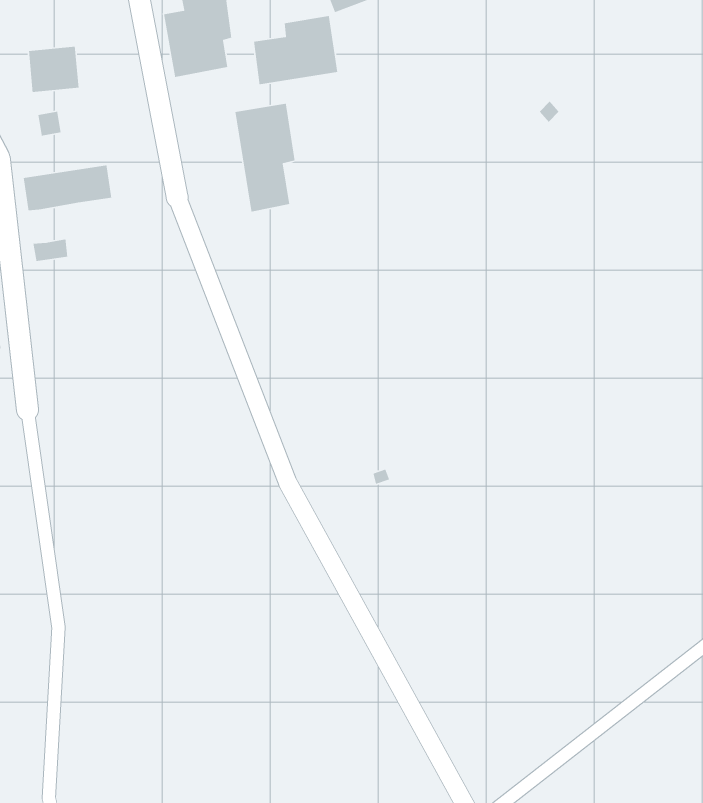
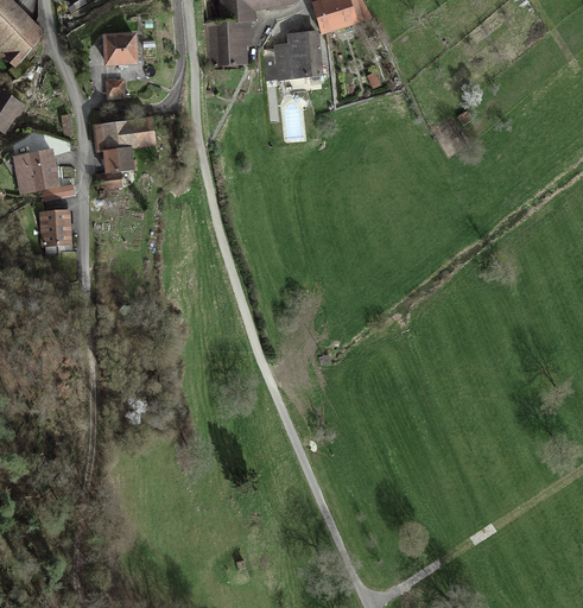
building: [235,103,295,212] -> none
building: none -> [106,146,134,171]

